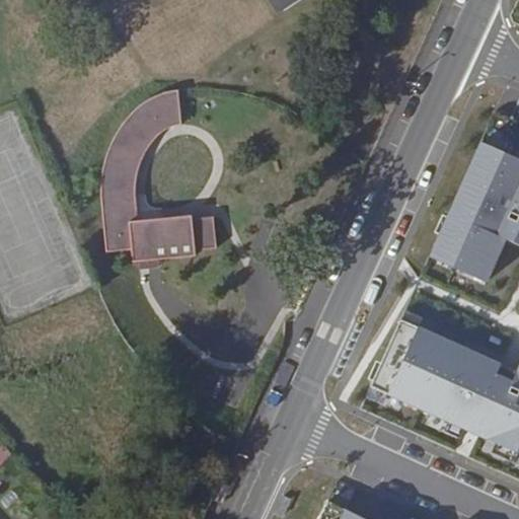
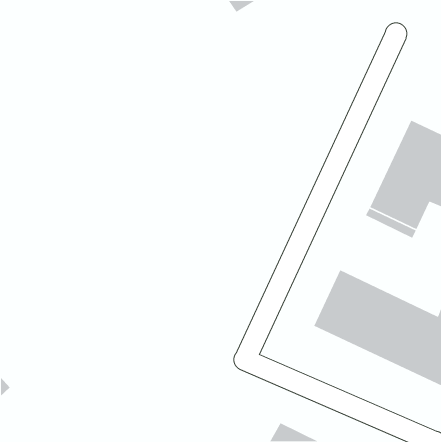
building: [103,98,218,262] -> none

